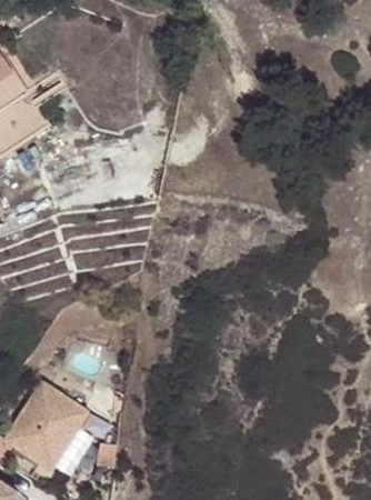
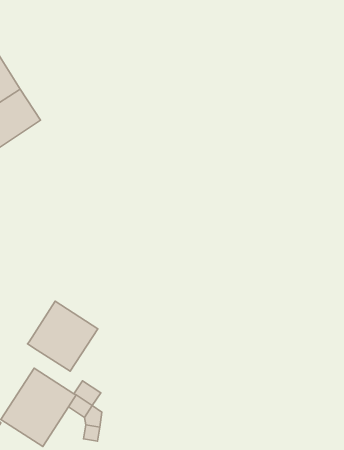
building: none -> [28,301,98,371]

